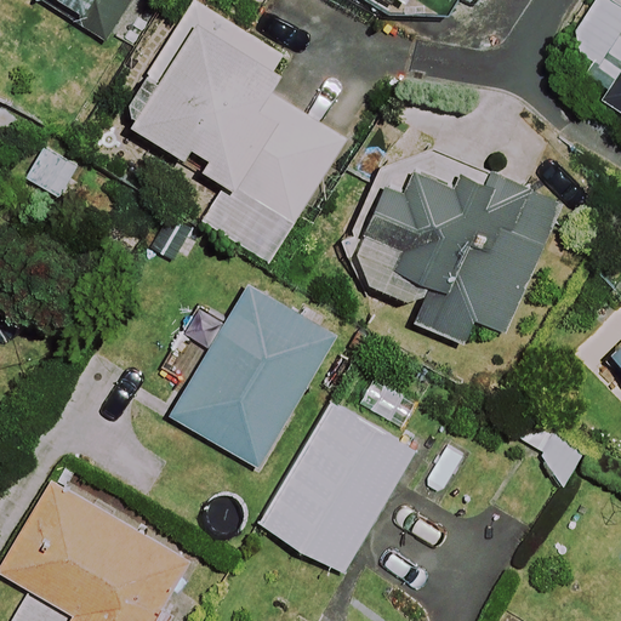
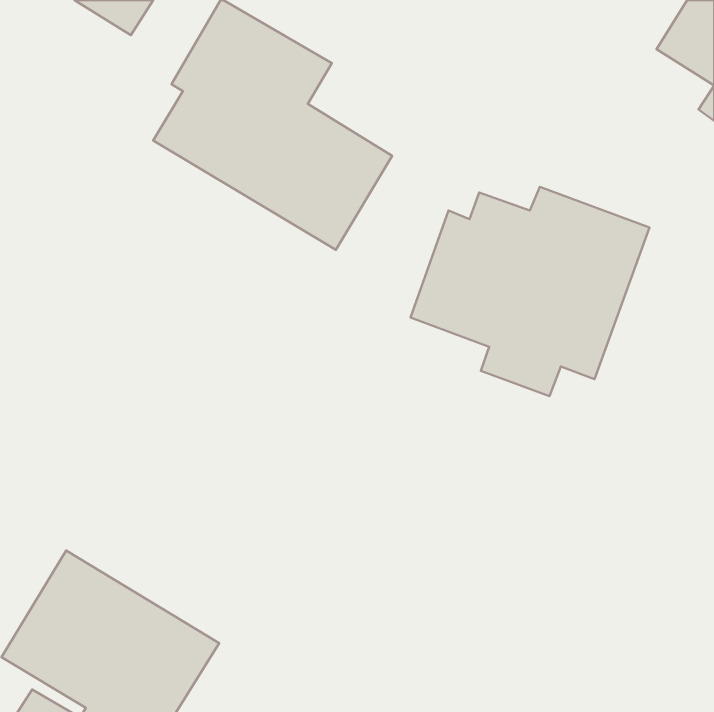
building: [171,308,319,466] -> none
building: [257,400,414,572] -> none

